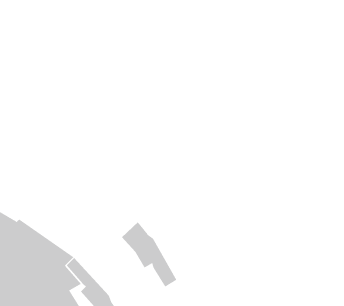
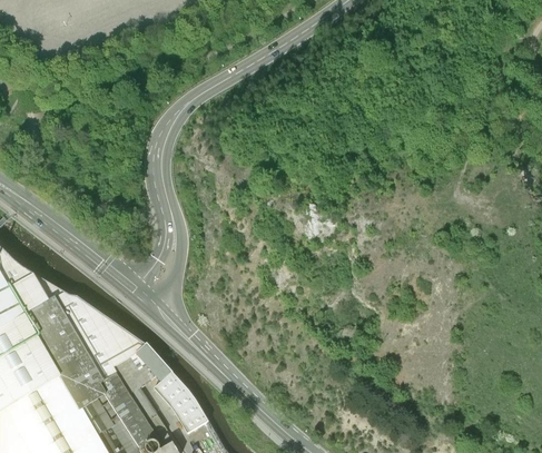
building: [121,222,177,287] -> none

